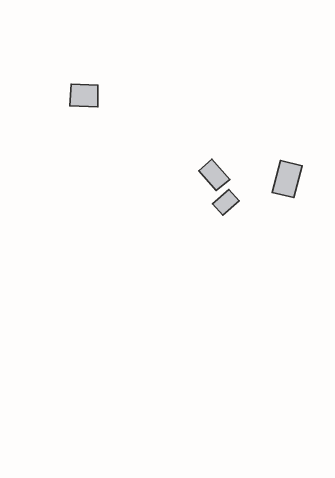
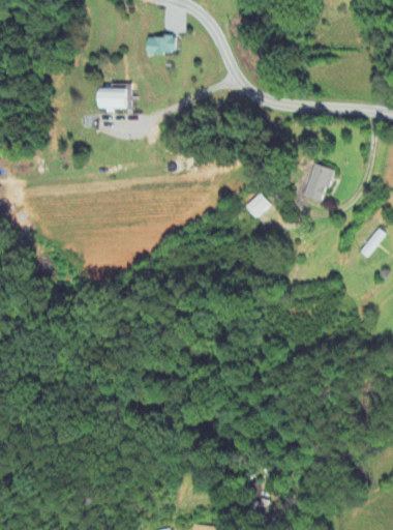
building: none -> [148,36,176,53]
building: [199,159,230,190] -> none

